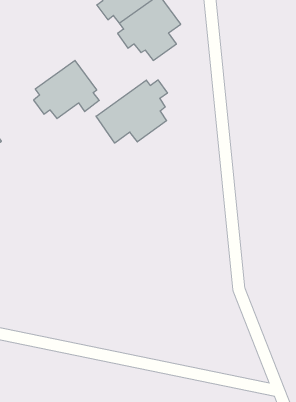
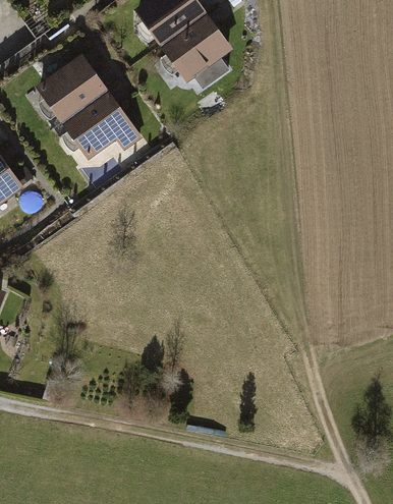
building: none -> [35,53,109,124]
building: [96,80,167,143] -> none

